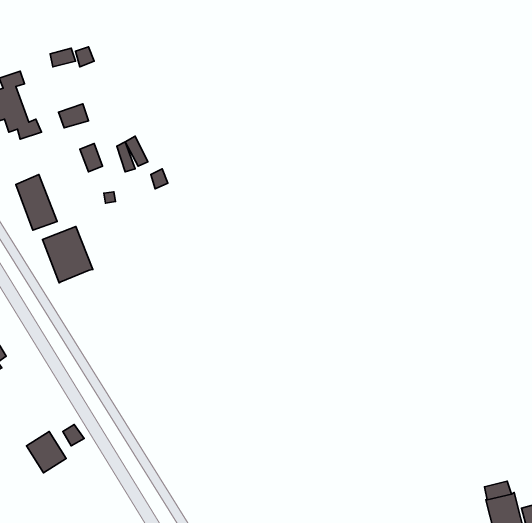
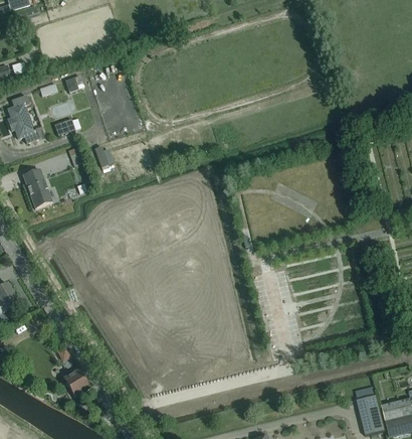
building: [42,226,93,283] -> none
building: [27,432,66,473] -> [62,368,90,397]

